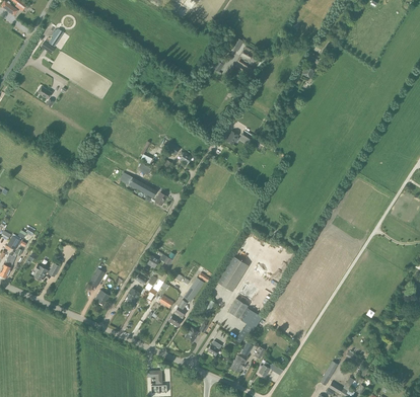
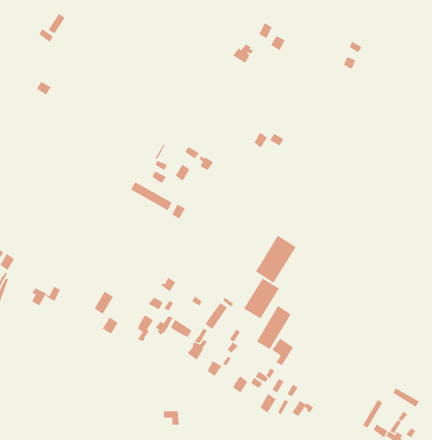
building: none -> [255,235,296,284]

